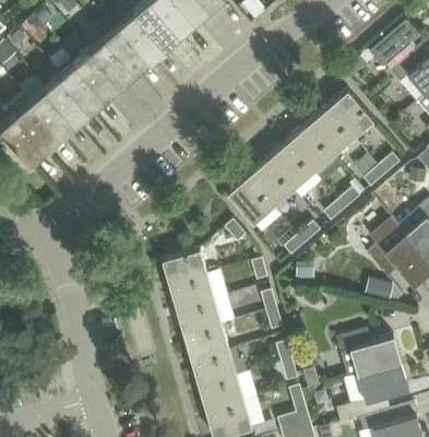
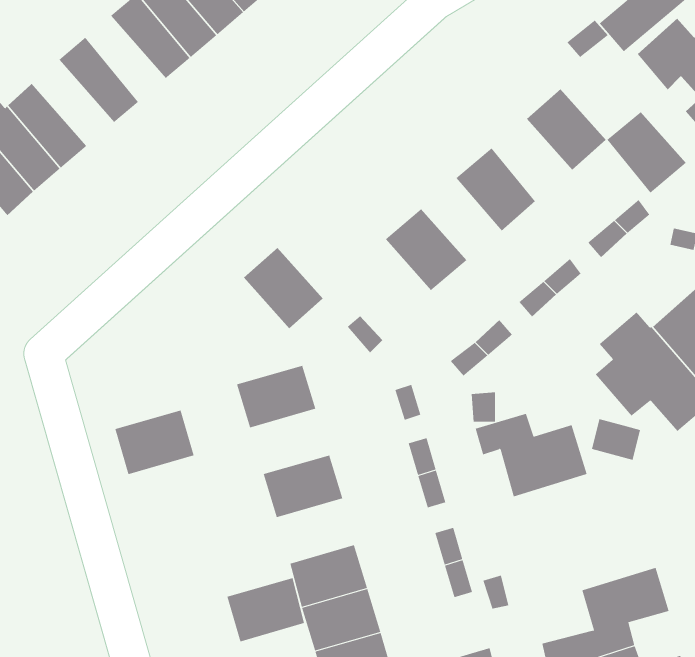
building: [75,49,121,98] -> none
building: [45,74,92,123] -> none
building: [308,108,354,155] -> [606,111,687,193]
building: [267,142,313,189] -> none
building: [227,177,273,224] -> [243,247,323,329]
building: [169,274,215,311] -> [114,410,195,475]
building: [184,326,229,363] -> [226,577,305,642]
building: [337,330,402,378] -> [475,413,588,497]

